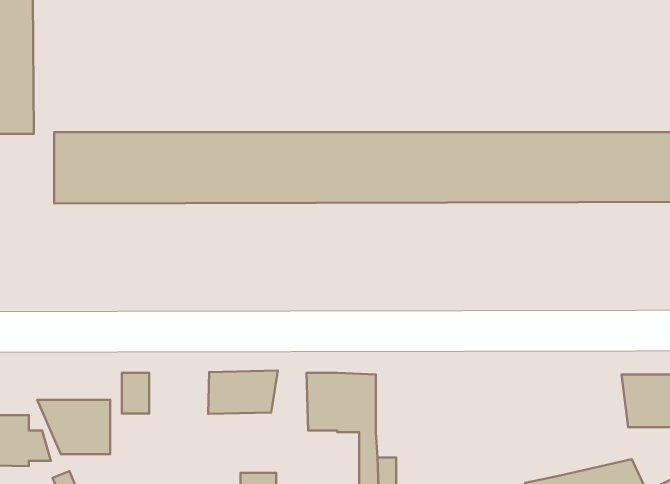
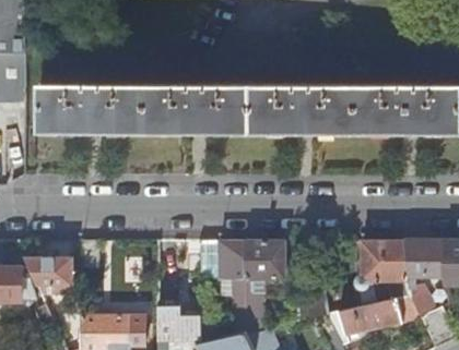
building: [208,371,278,414] -> none
building: none -> [245,242,285,279]
building: none -> [356,242,410,307]

